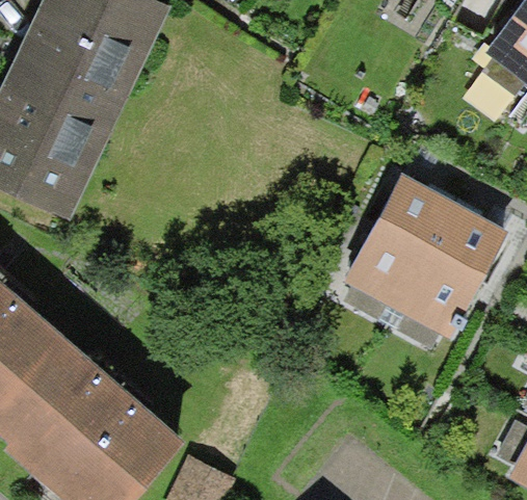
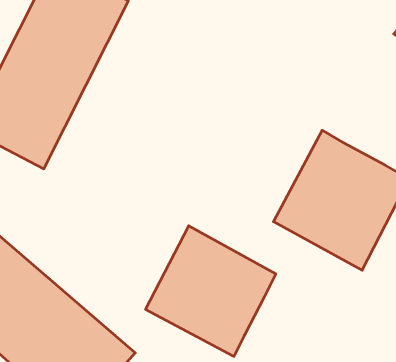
building: none -> [146,226,276,356]

